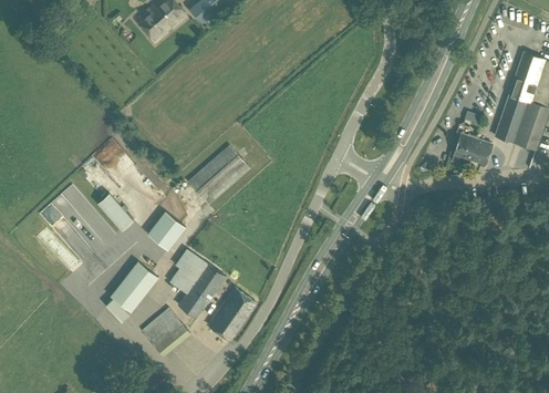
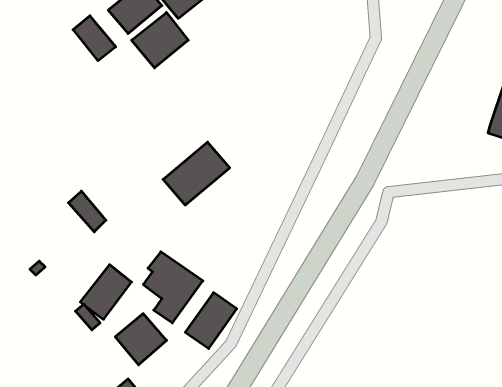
building: none -> [132,12,188,68]
building: none -> [73,16,116,61]
building: [450,133,491,166] -> none
building: [144,211,182,250] -> none

